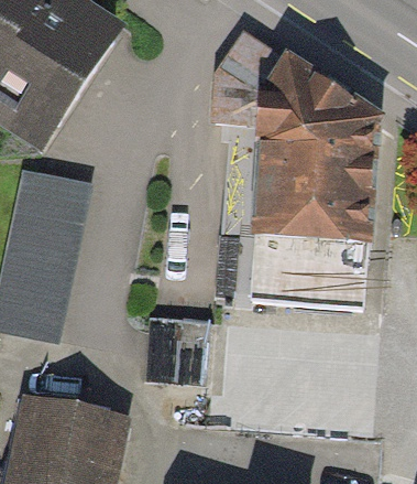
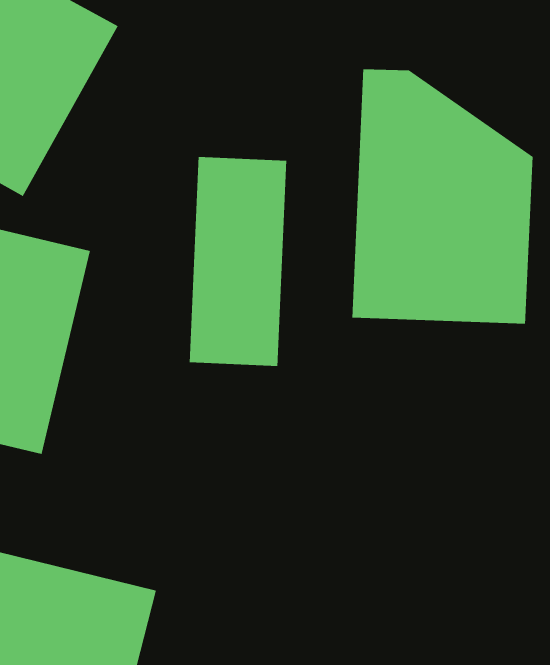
building: none -> [189,156,287,367]

